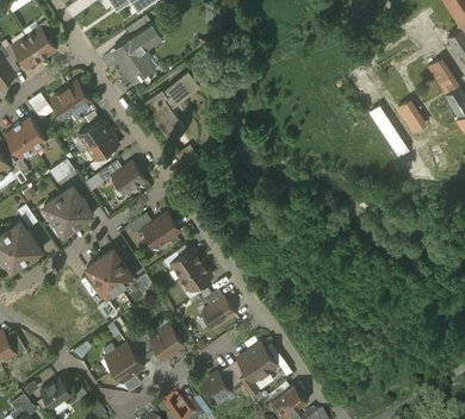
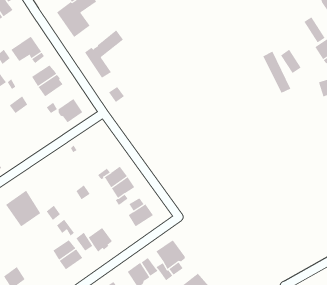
building: [43,186,93,236] -> none
building: [142,212,180,250] -> none
building: [86,249,132,296] -> [5,190,41,227]

